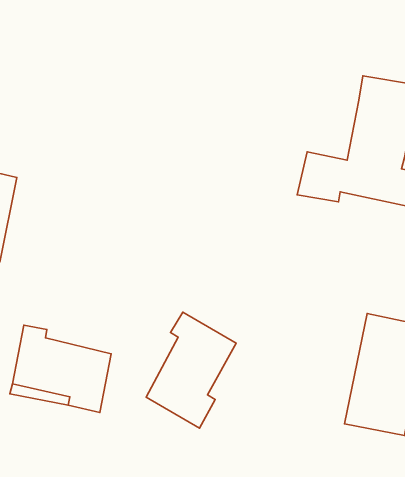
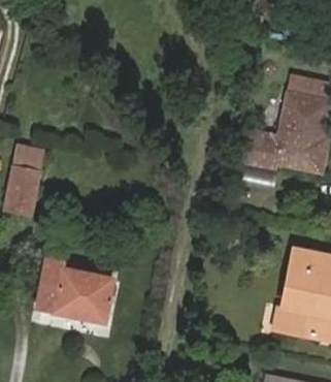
building: [146,312,236,428] -> none

